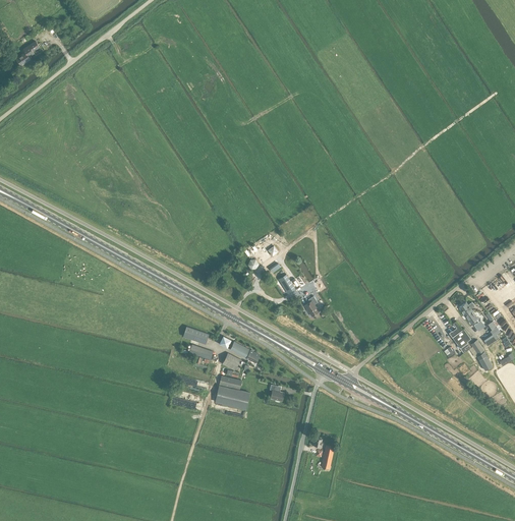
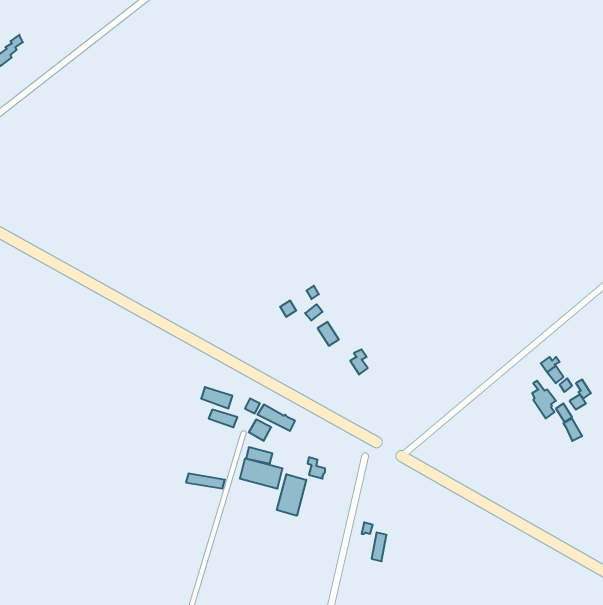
building: none -> [277,474,306,516]

